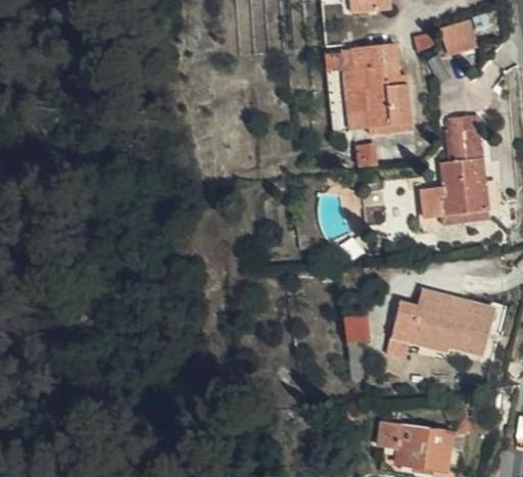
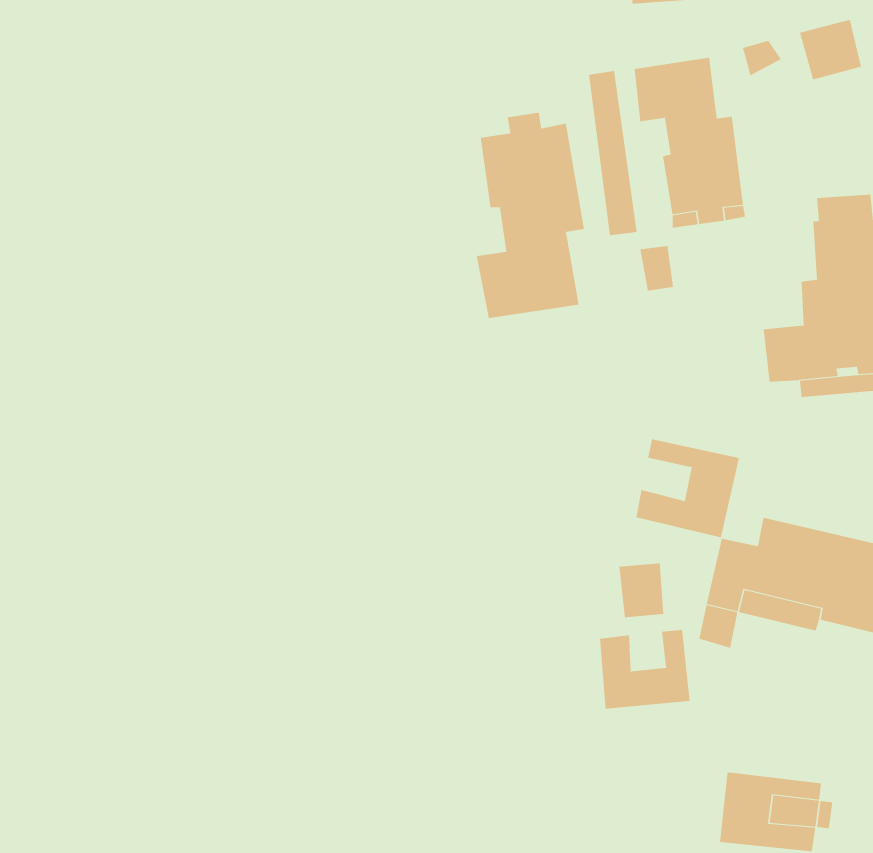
building: none -> [476,112,584,319]
building: none -> [636,439,740,538]
building: none -> [599,629,690,709]

